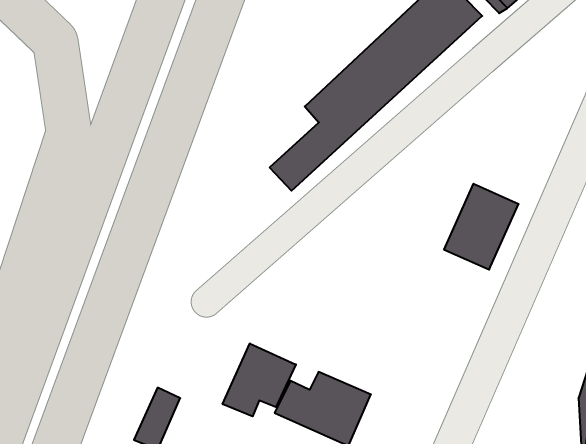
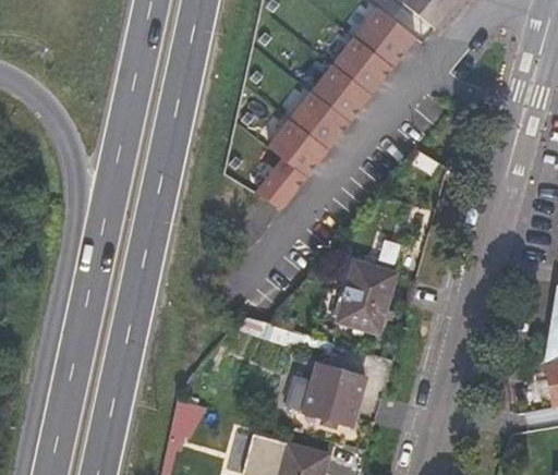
building: [444,184,519,270] -> [338,260,397,332]
building: [223,343,296,416] -> none

